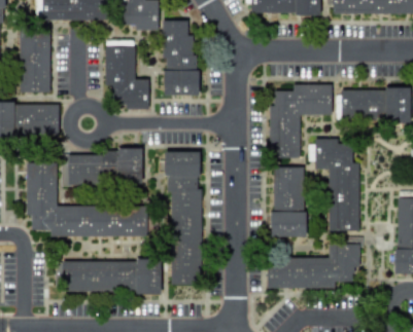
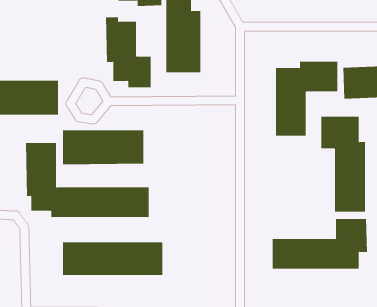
building: [19,31,50,94] -> none
building: [165,151,201,290] -> none
building: [272,167,306,236] -> none

